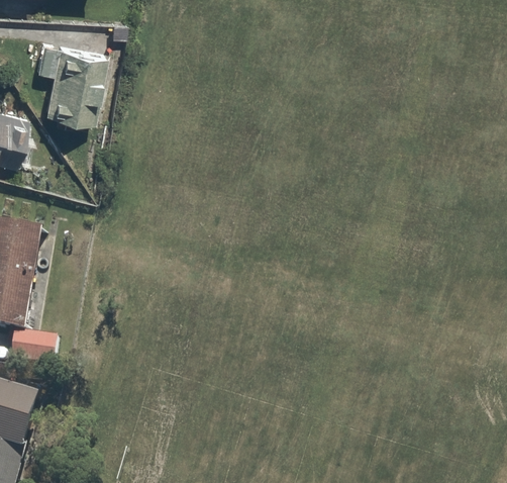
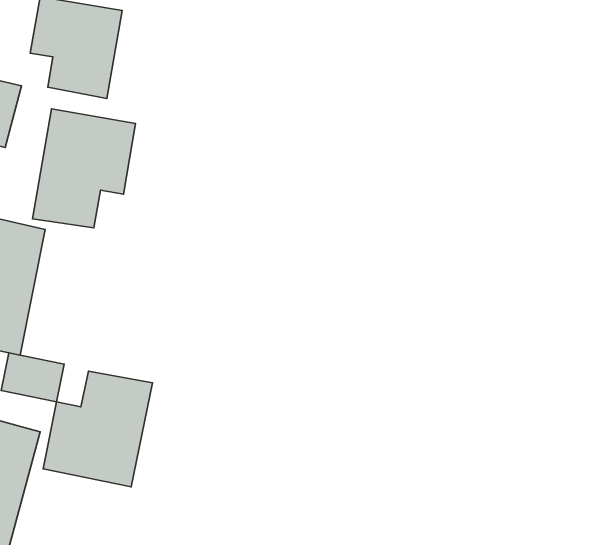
building: none -> [33,109,135,228]
building: none -> [43,371,152,487]

